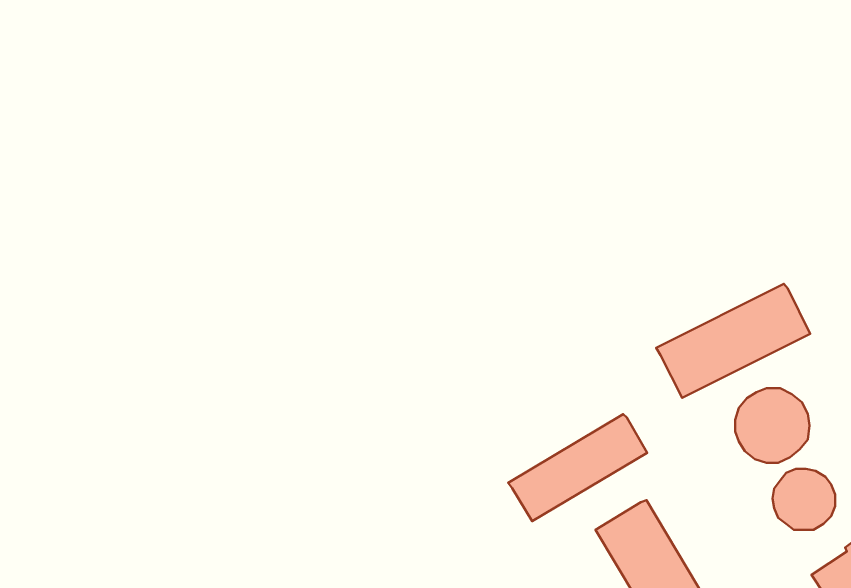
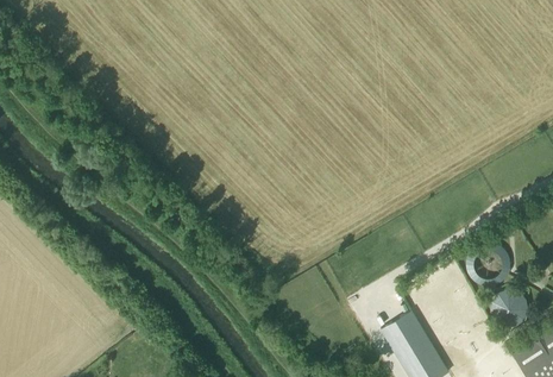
building: [656,284,810,398] -> none
building: [508,414,647,521] -> none

